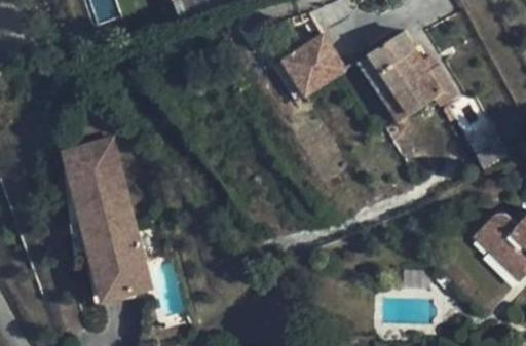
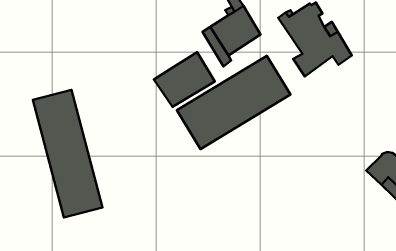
building: none -> [154,52,215,107]
building: none -> [177,56,291,149]

